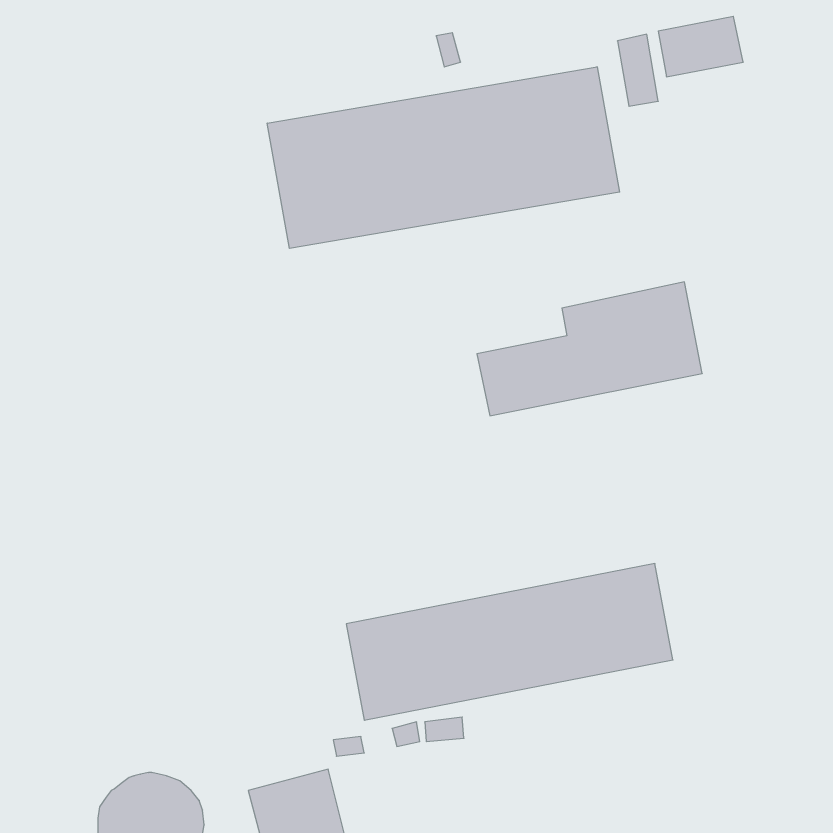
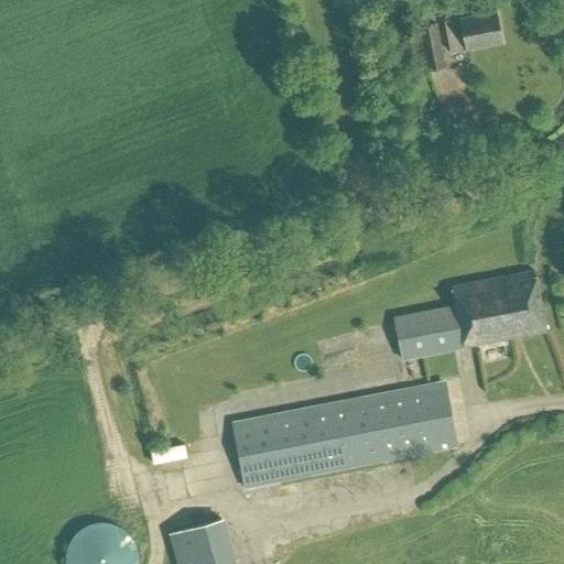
building: [267,67,620,248] -> none
building: [477,282,702,416] -> [393,269,545,359]

